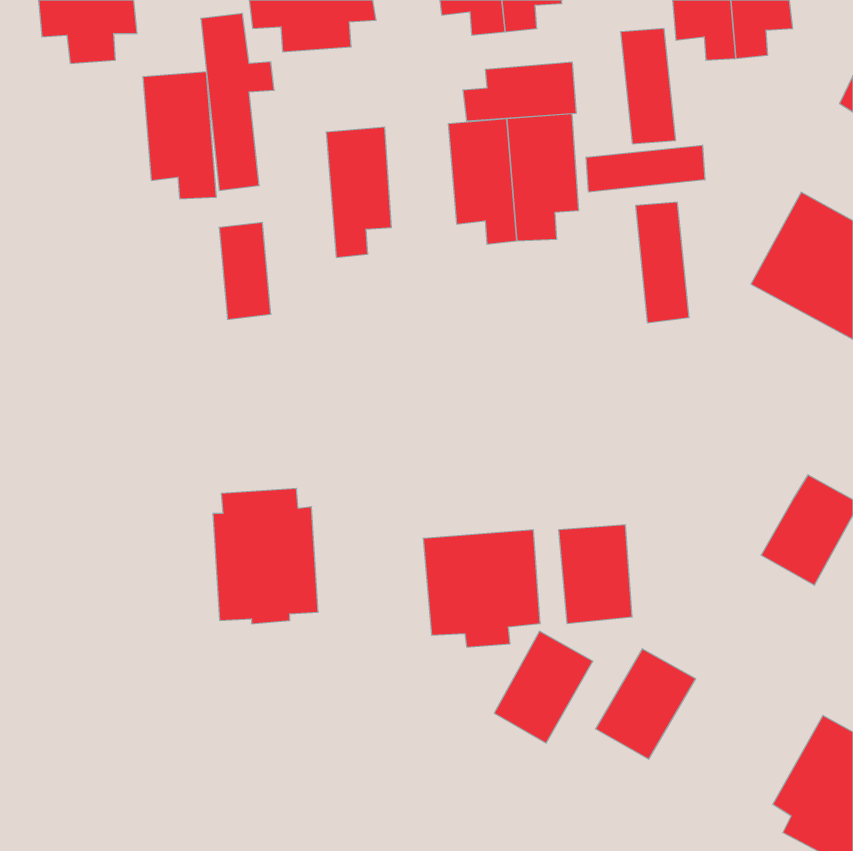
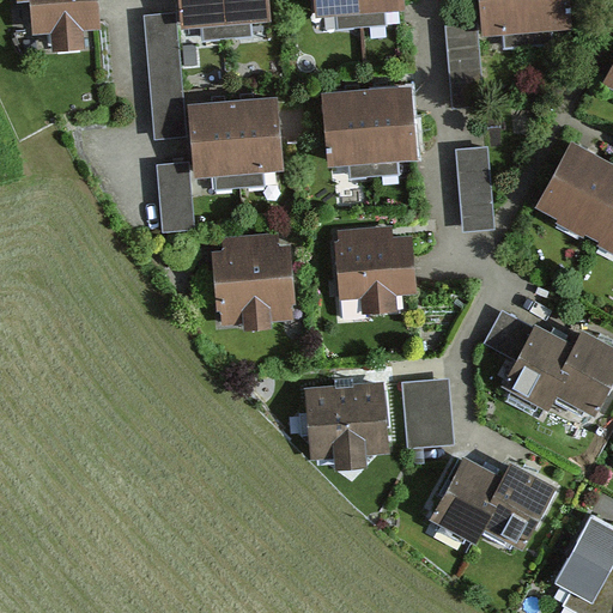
building: [463,62,576,121] -> none
building: [143,72,216,199] -> [188,97,241,188]
building: [586,145,705,192] -> none
building: none -> [335,227,415,311]
building: none -> [482,318,569,417]
building: [213,488,318,624] -> [216,231,291,328]
building: [494,631,593,743] -> [475,472,546,552]

